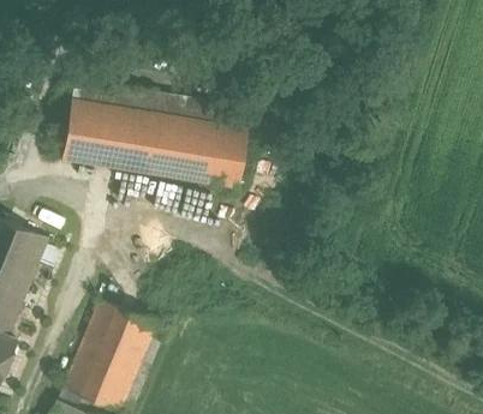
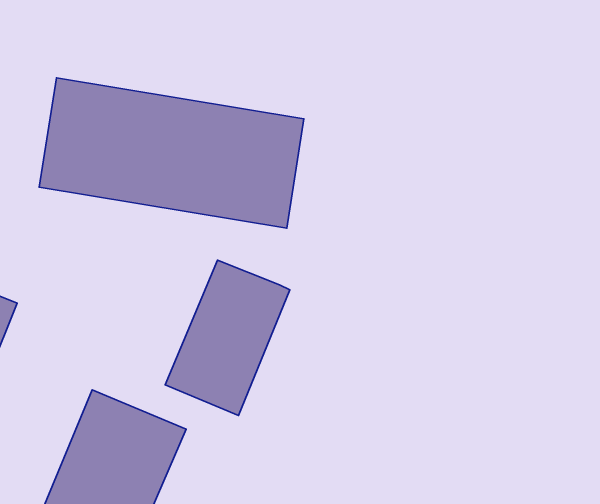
building: none -> [165,260,290,415]

